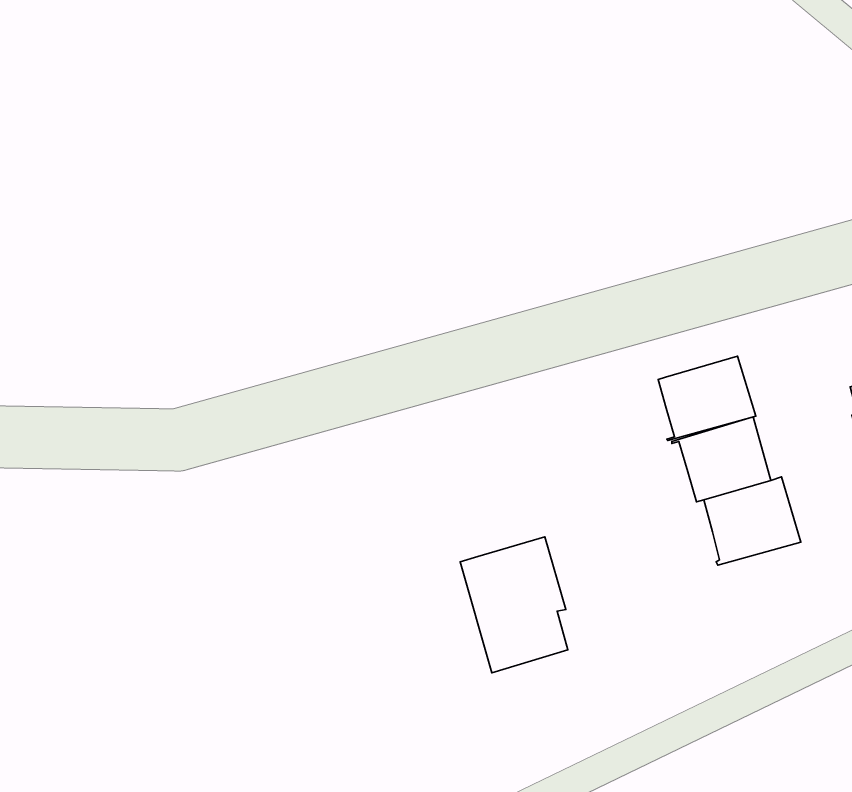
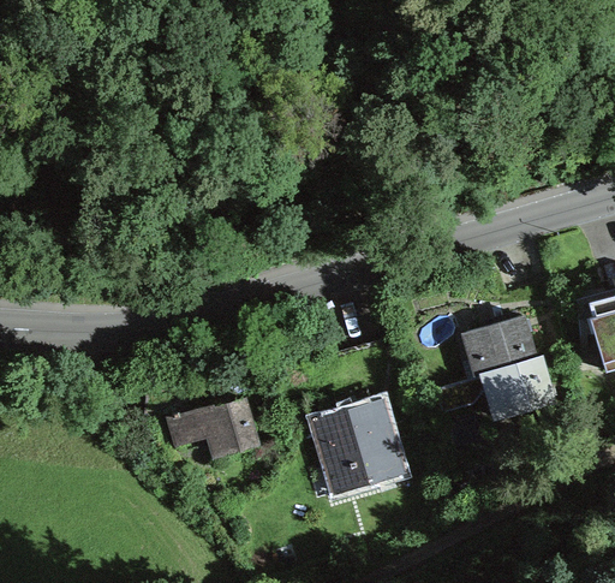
building: [658,356,756,441] -> none
building: none -> [172,399,257,456]

